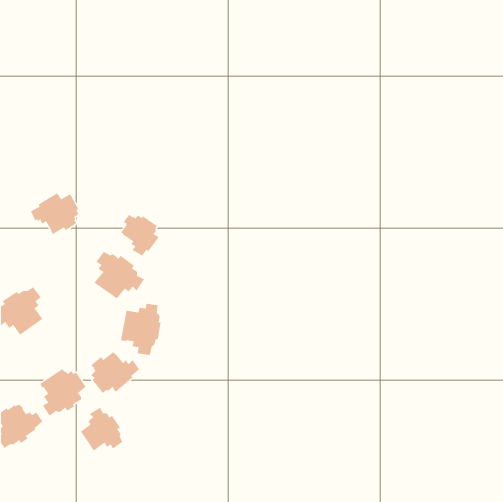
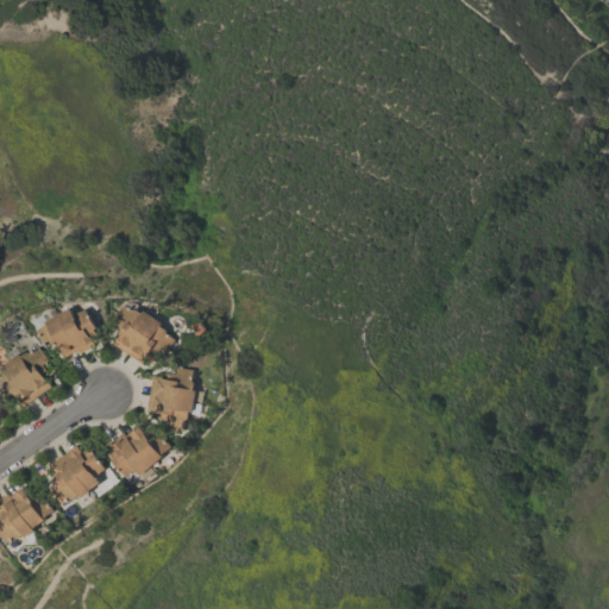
building: [30,193,79,235] -> [38,307,98,358]
building: [121,214,159,257] -> none
building: [80,407,123,452] -> none

